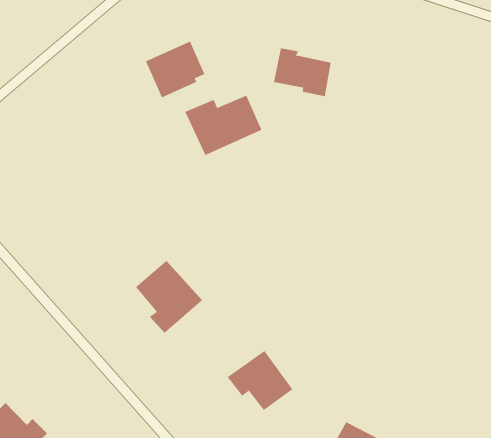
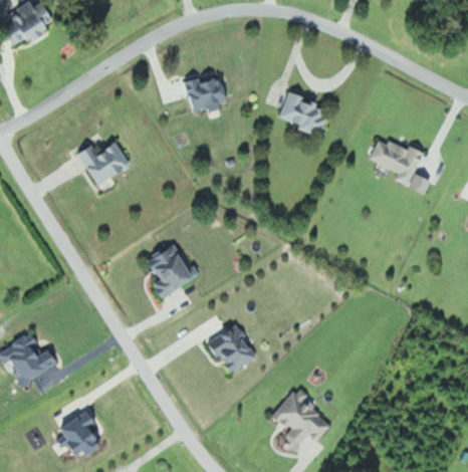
building: none -> [369,138,430,194]
building: [185,95,262,156] -> none
building: none -> [80,141,130,184]

